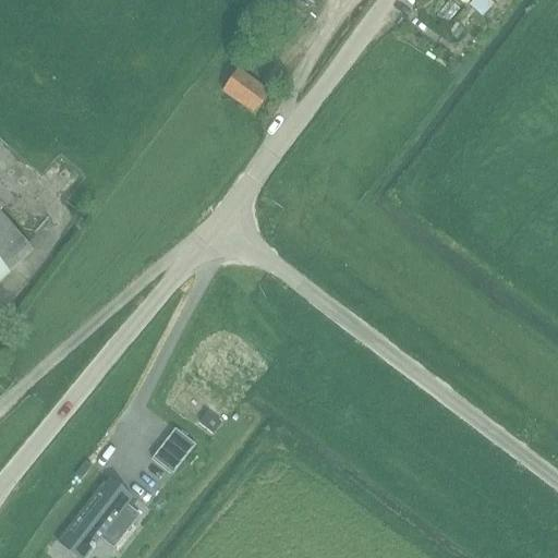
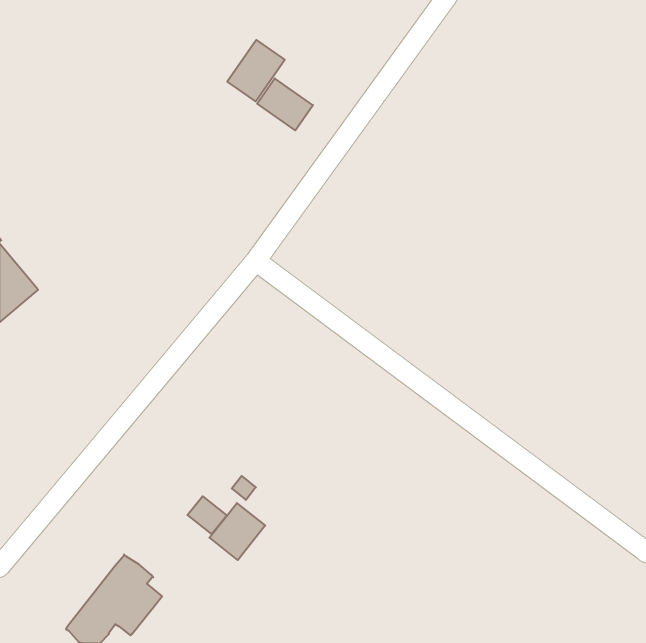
building: none -> [227,40,285,101]
building: none -> [209,503,265,560]

